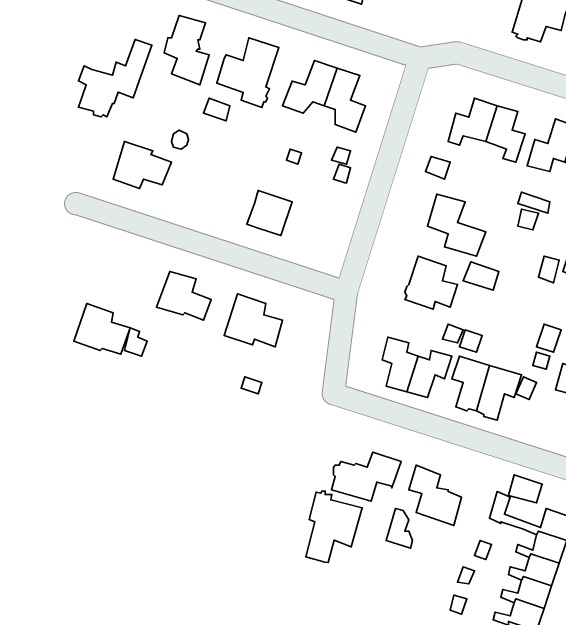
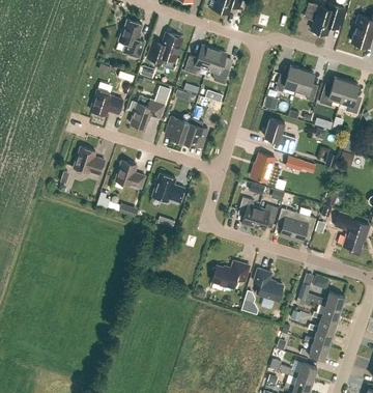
building: [79,40,152,117] -> [130,86,170,129]
building: none -> [183,117,207,147]
building: [74,303,130,354] -> [74,146,105,174]
building: [306,491,362,562] -> none

